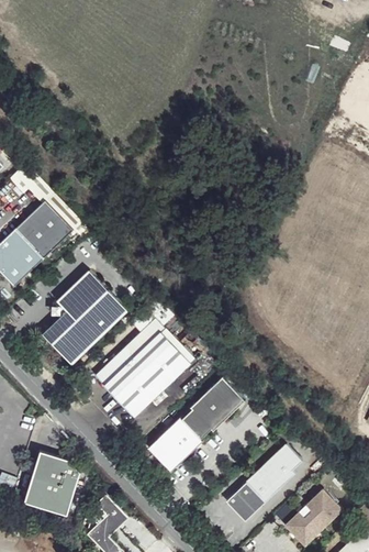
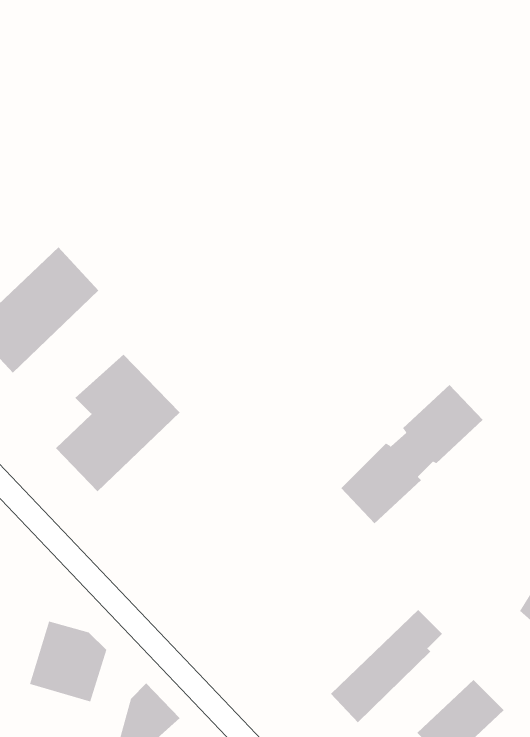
building: [94,318,192,415] -> none
building: [149,376,246,471] -> [340,384,484,524]

